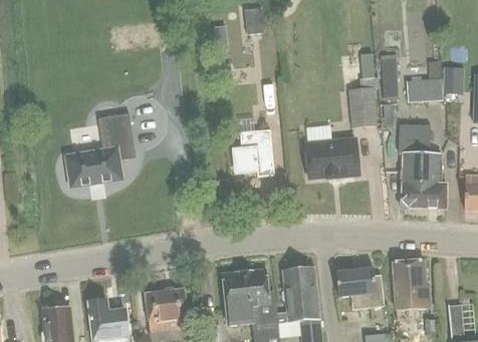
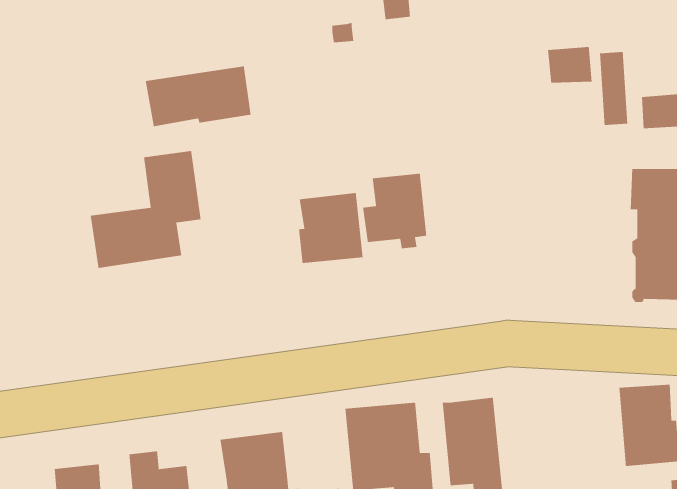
building: none -> [145,65,252,127]
building: [346,77,377,127] -> none
building: [305,138,358,178] -> none
building: none -> [298,192,363,264]
building: [335,267,384,309] -> none

